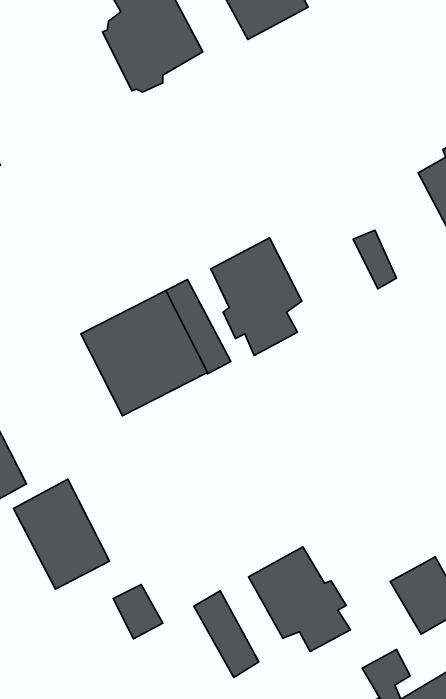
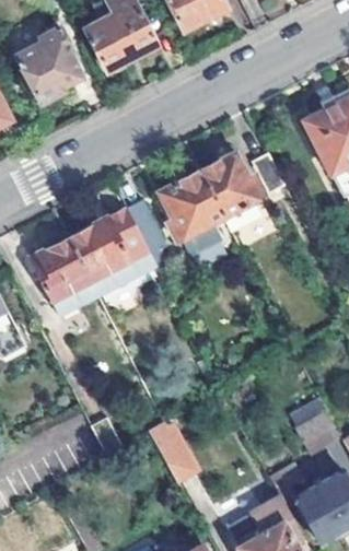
building: none -> [14,27,81,103]
building: none -> [200,151,265,233]
building: [14,479,110,589] -> [28,238,96,316]
building: [248,547,351,652] -> none

